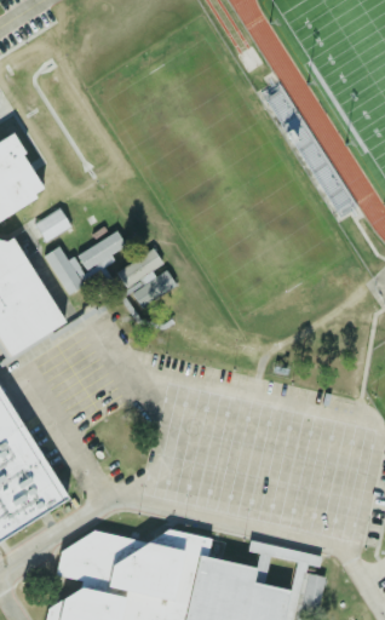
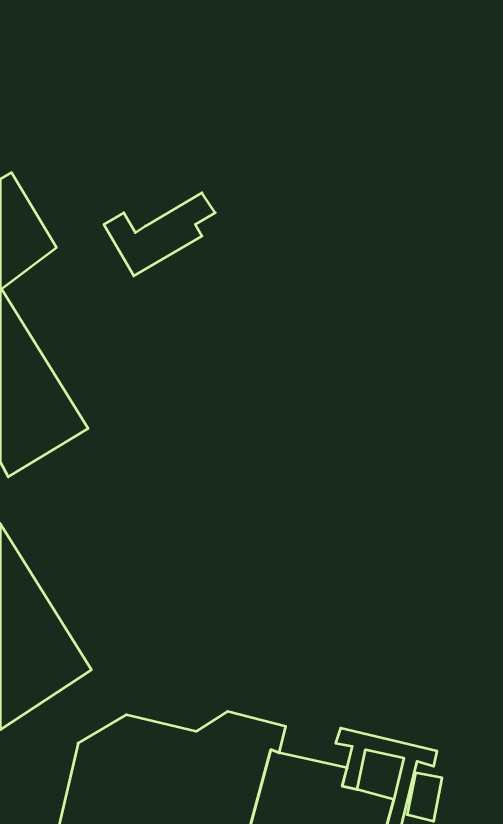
building: [33,208,69,242] -> none
building: [44,231,125,292] -> [104,193,215,276]
building: [115,248,176,308] -> none

